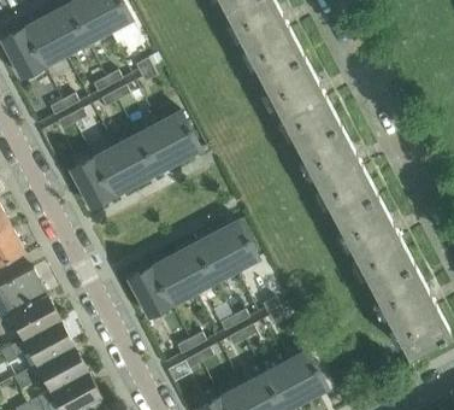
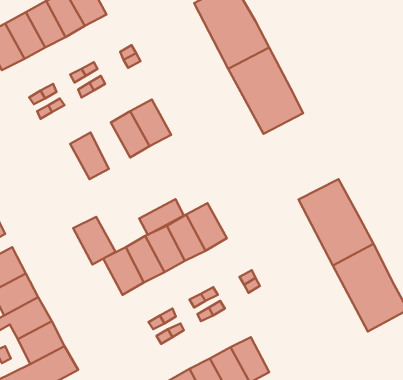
building: [297,125,377,217] -> none
building: [114,135,157,184] -> none
building: [69,158,113,209] -> [73,217,115,264]
building: none -> [139,199,184,235]
building: [284,350,326,400] -> none

